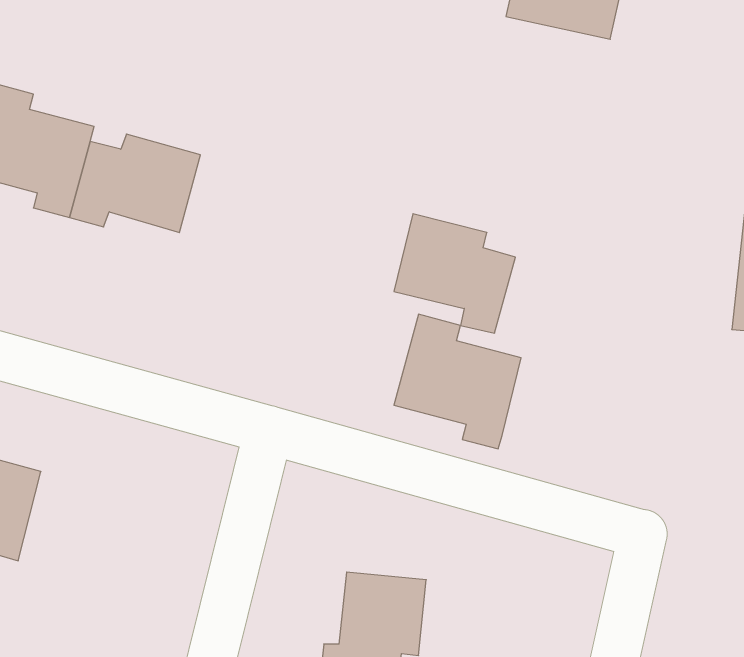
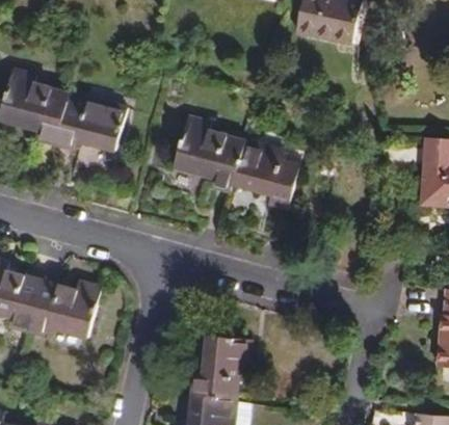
building: [394,314,521,449] -> [173,116,242,190]
building: none -> [26,282,100,338]

